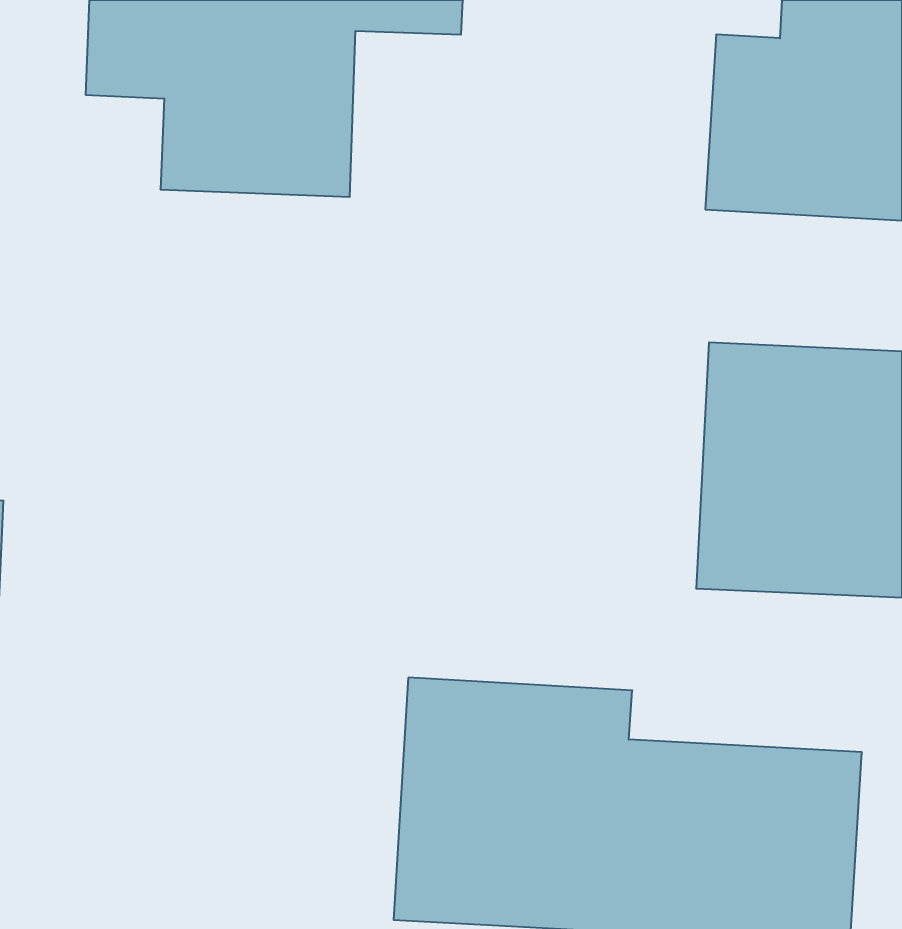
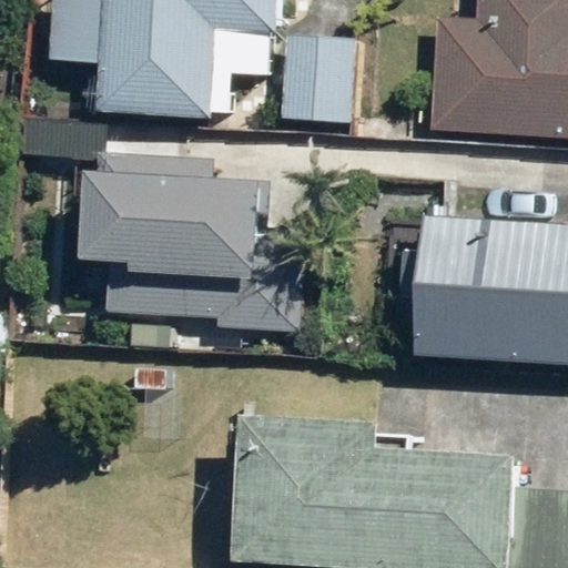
building: none -> [274,30,356,124]
building: none -> [88,154,310,278]

